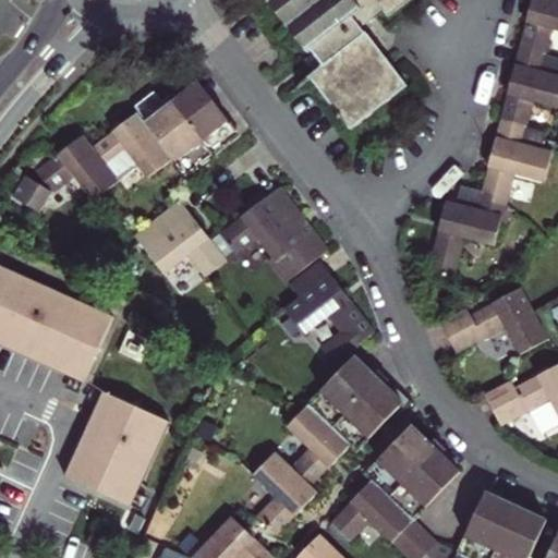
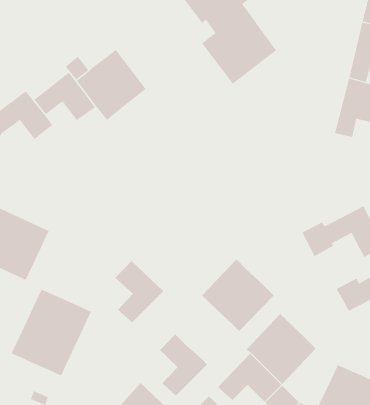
building: [220,186,327,280] -> none
building: [441,189,505,264] -> none
building: [134,201,226,276] -> none
building: [283,260,366,338] -> none
building: [287,402,351,484] -> [115,260,164,323]

